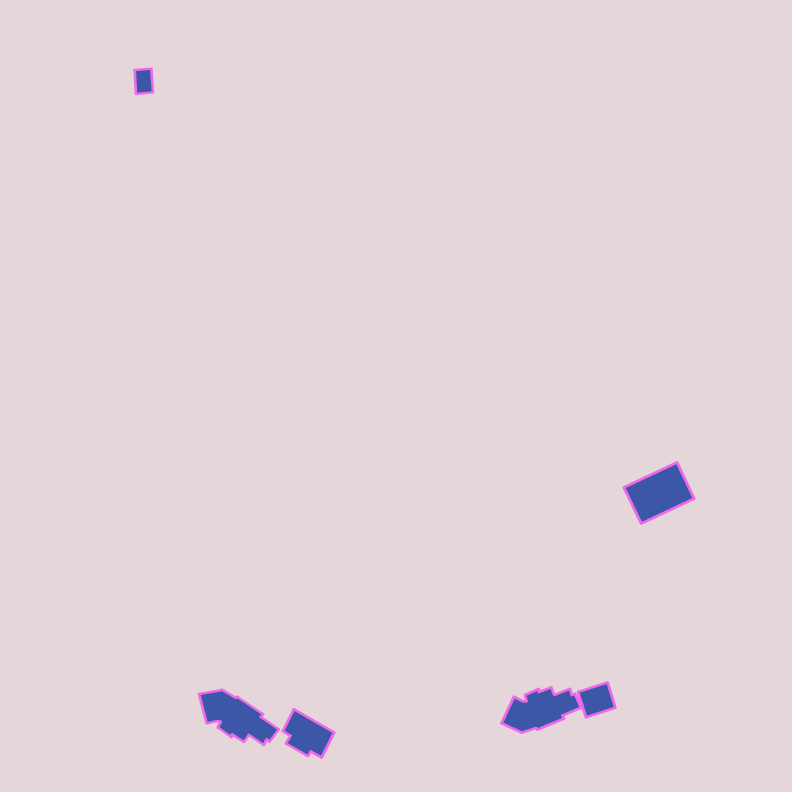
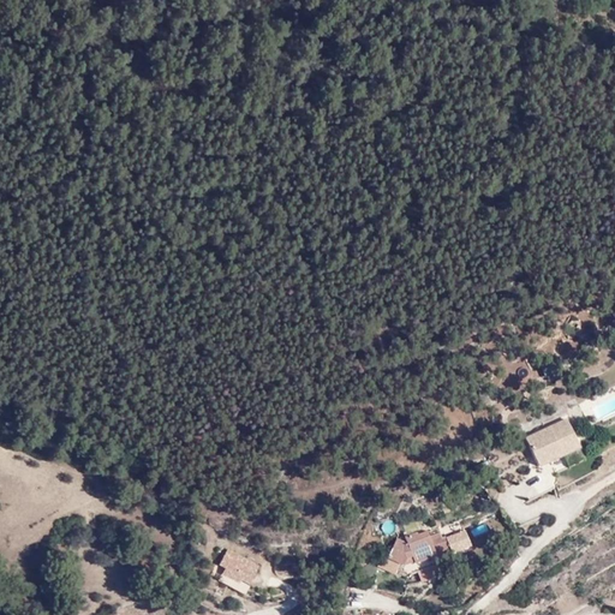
building: [624,462,694,523] -> [523,422,577,468]
building: [199,690,279,745] -> none

